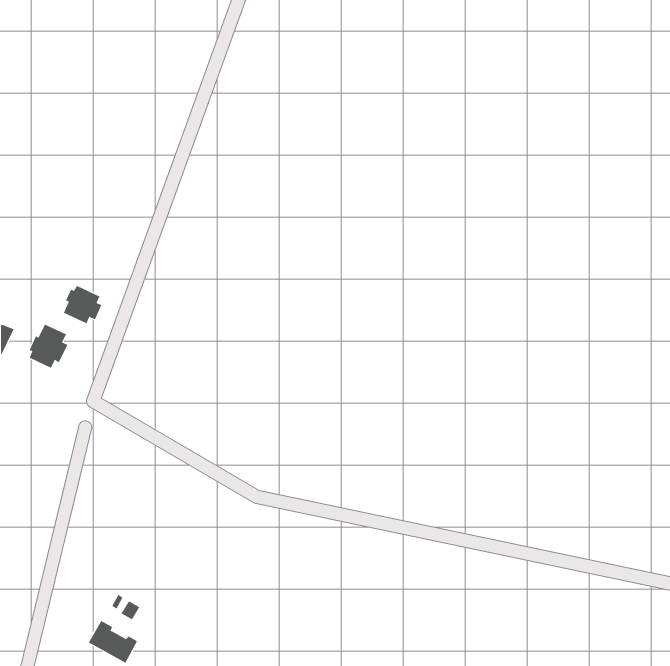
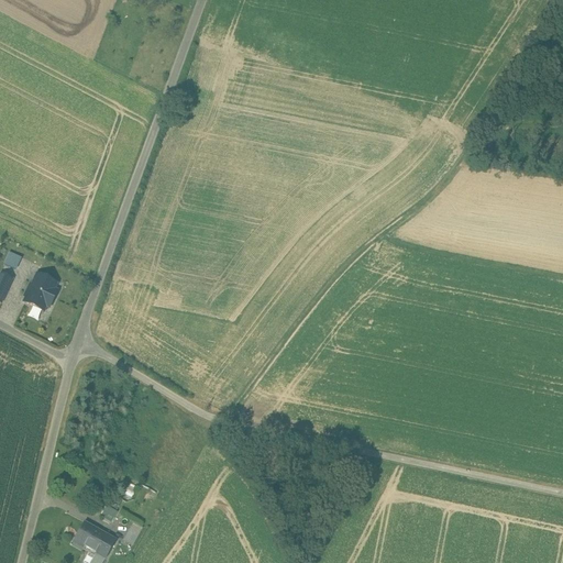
building: [63,285,102,324] -> none

